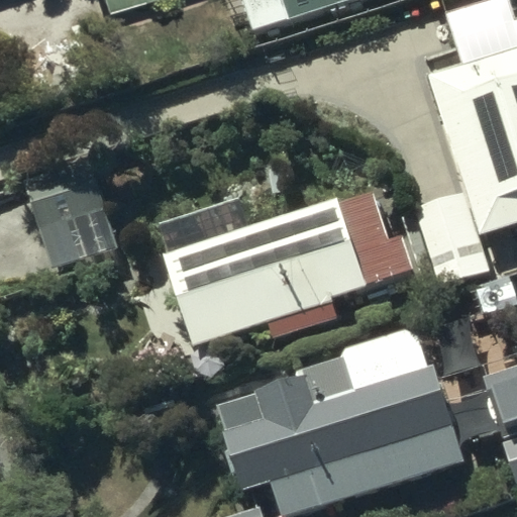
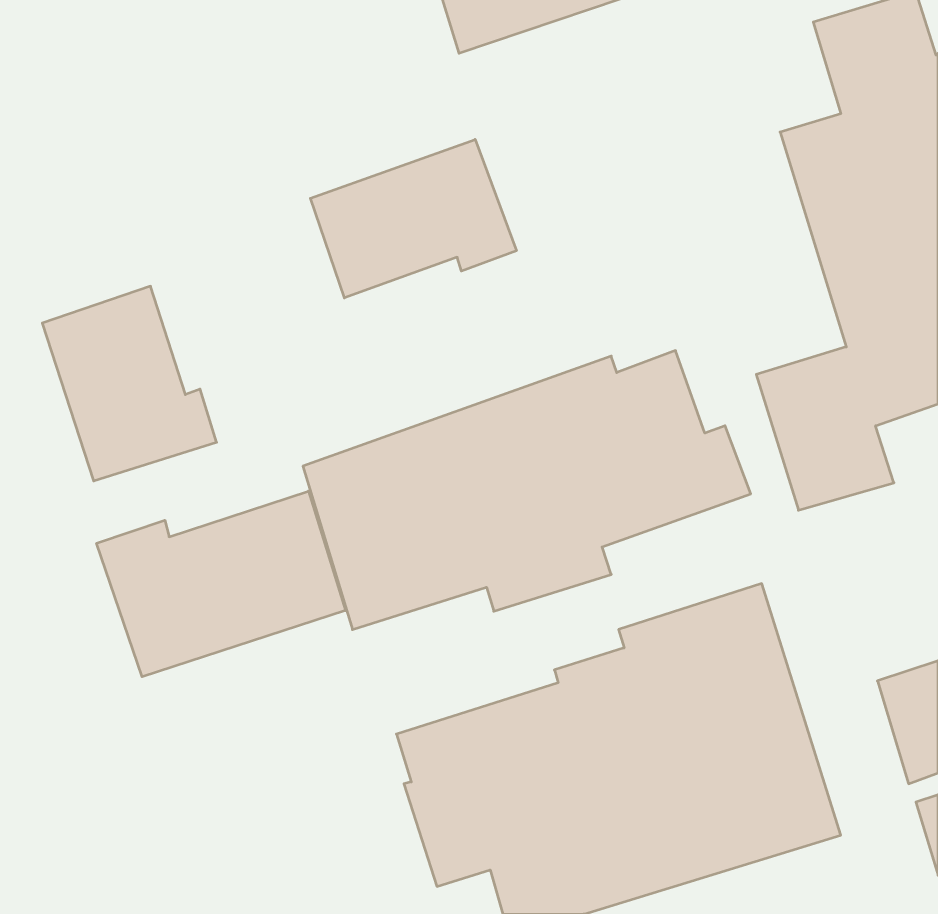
building: none -> [310,139,516,298]
building: none -> [97,491,346,677]

